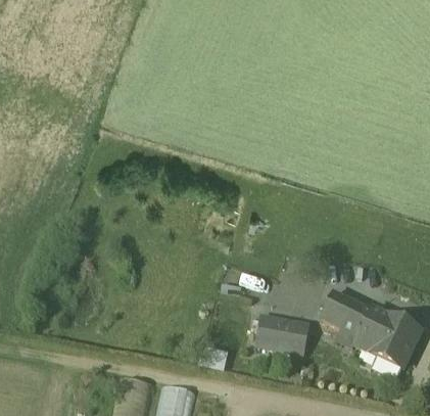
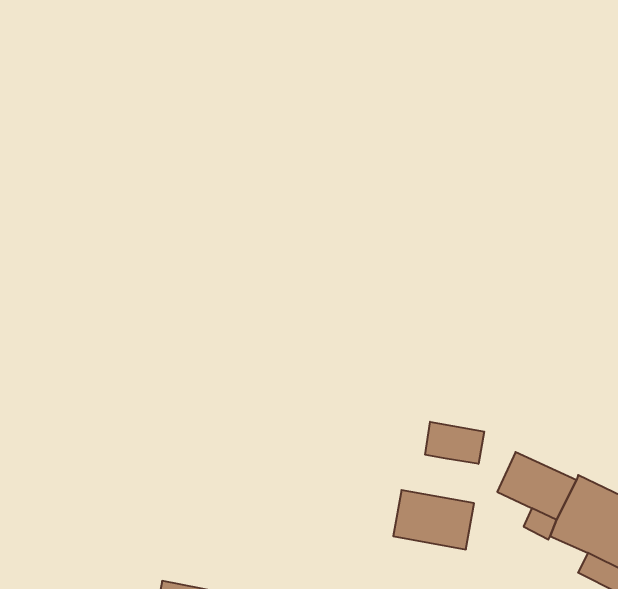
building: none -> [425,422,484,464]

